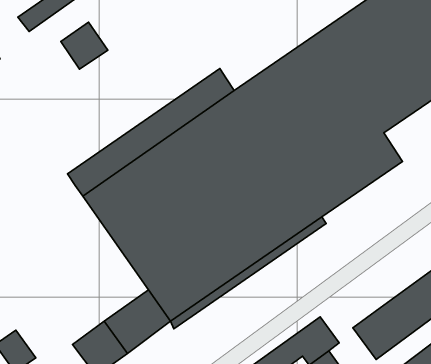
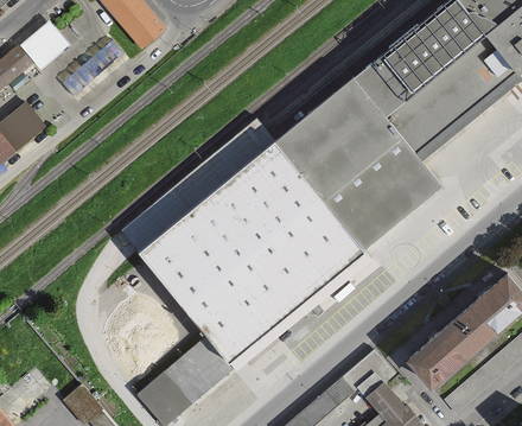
building: [61,22,108,69] -> none

